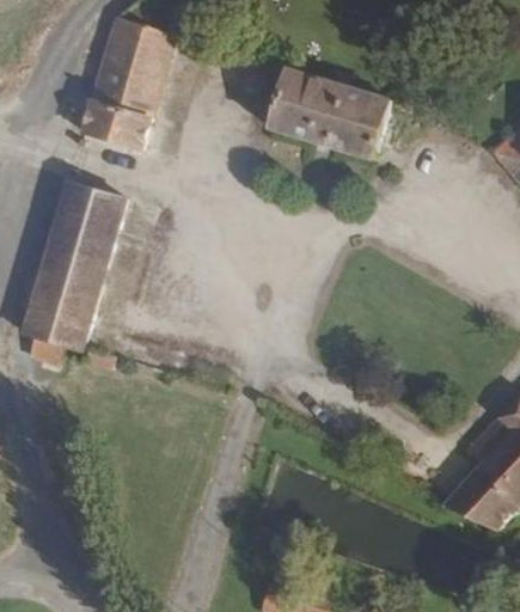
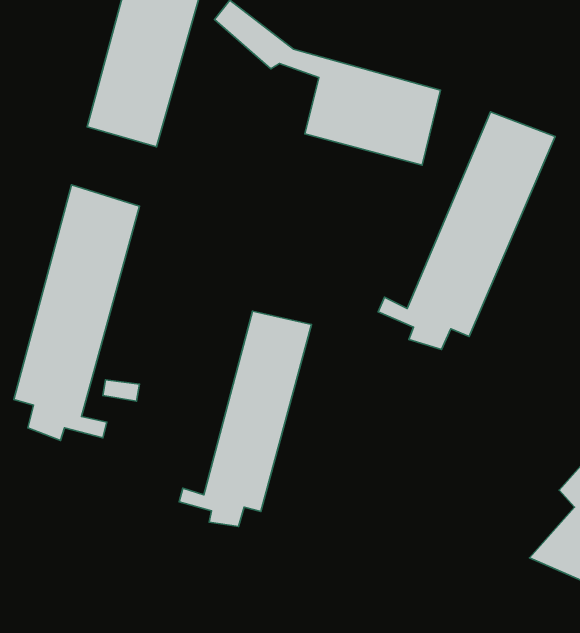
building: none -> [378,112,555,350]
building: none -> [179,311,311,527]

